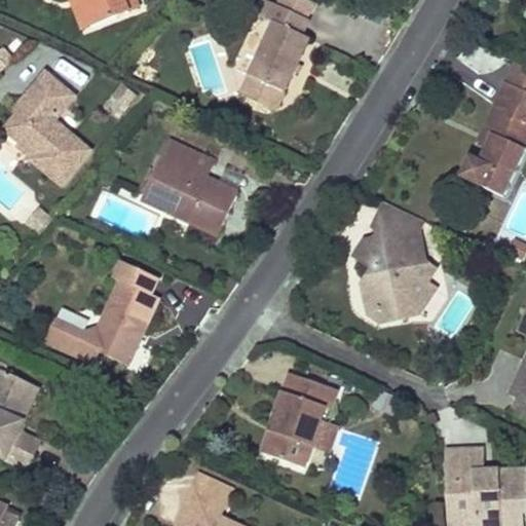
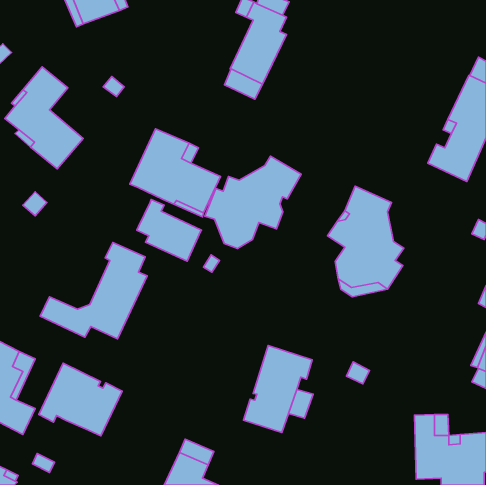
building: none -> [205,156,301,248]
building: none -> [137,199,202,261]
building: none -> [39,363,122,436]

